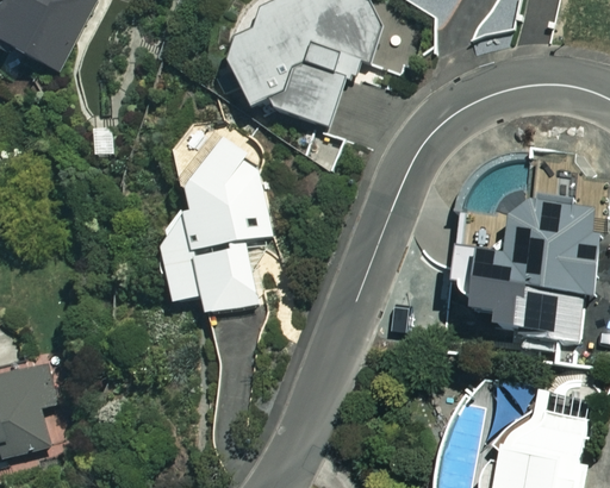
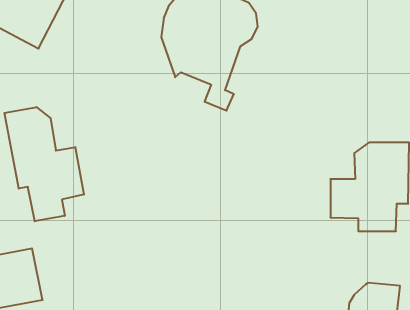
building: [160,111,272,317] -> none
building: none -> [4,107,84,221]

